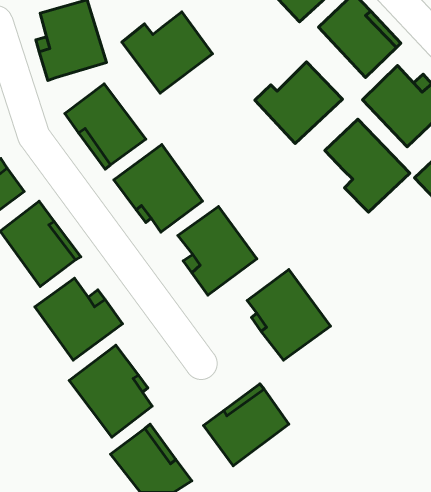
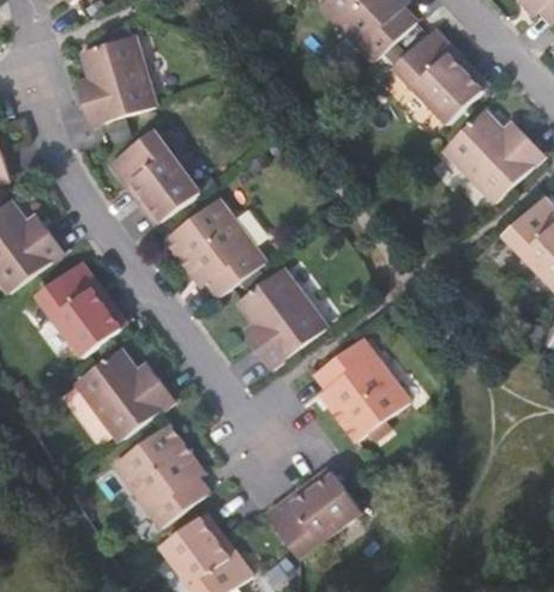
building: [122,12,213,93] -> none
building: [255,62,342,143] -> none
building: [325,119,410,212] -> none

